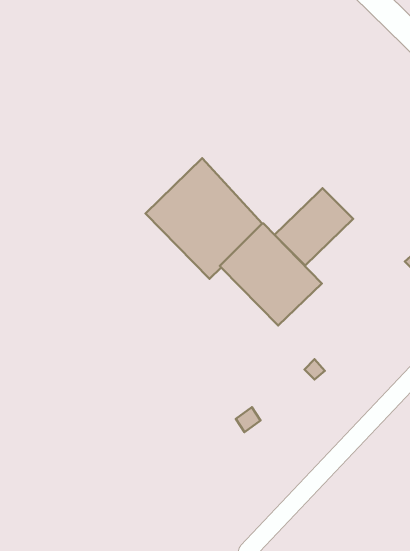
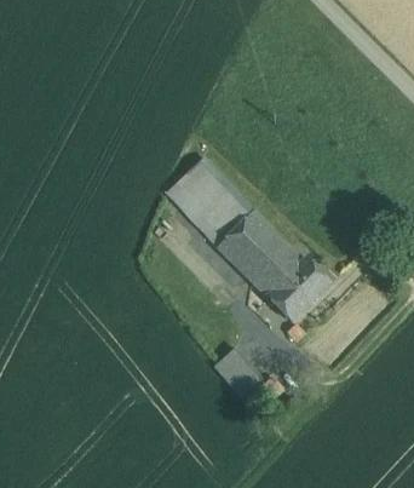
building: [274,188,353,265] -> [268,257,333,321]

